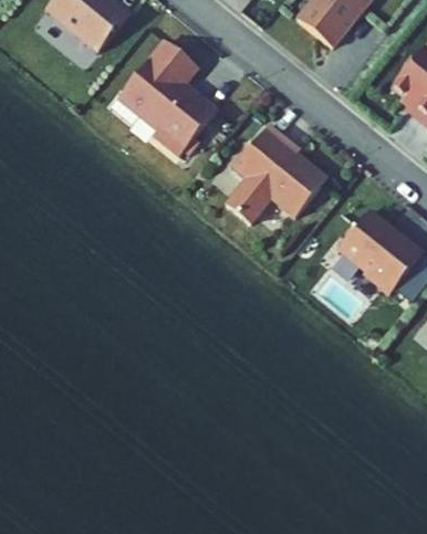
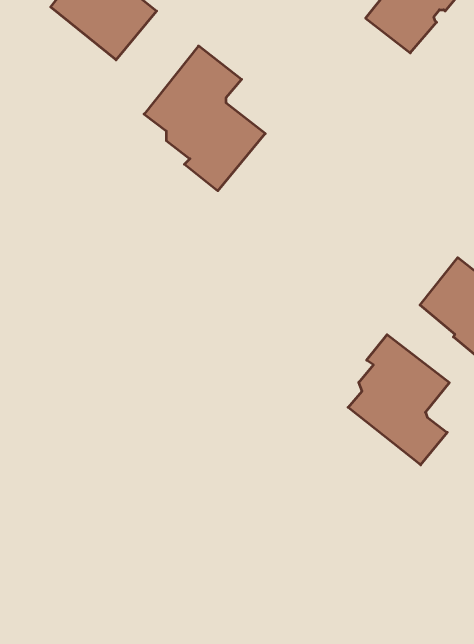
building: [225,126,326,226] -> none
building: none -> [348,335,449,465]

